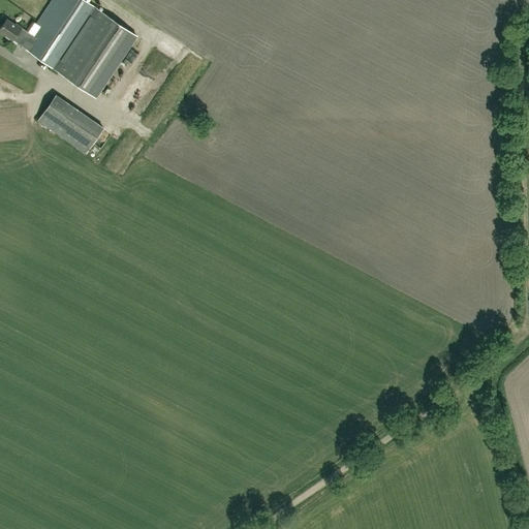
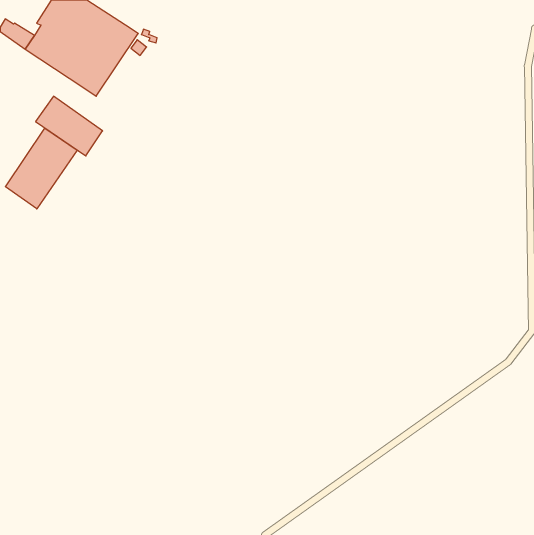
building: none -> [5,128,77,209]

